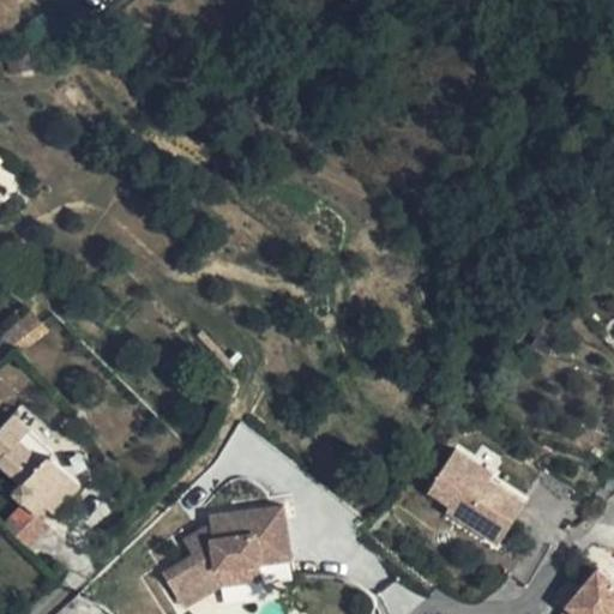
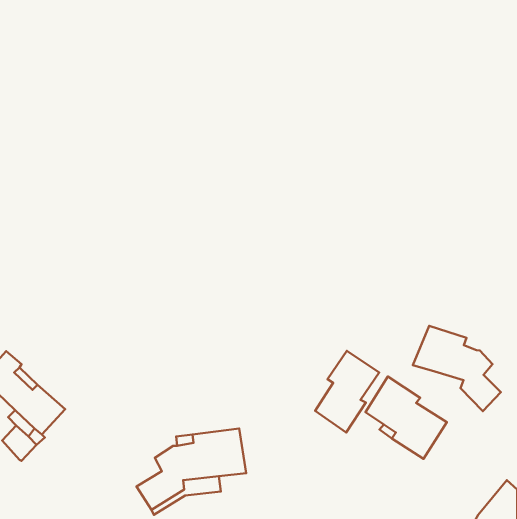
building: none -> [413,326,501,411]
building: none -> [315,351,379,432]

